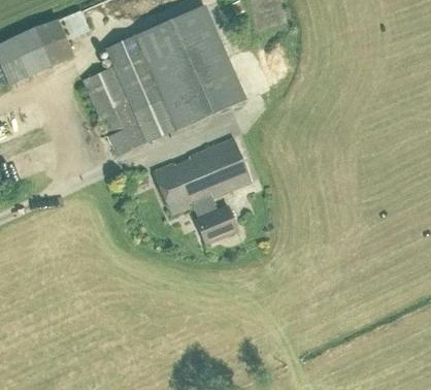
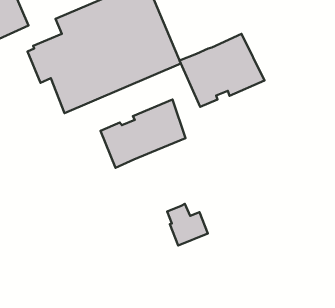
building: none -> [180,34,264,107]
building: [193,197,238,243] -> [167,204,208,246]

